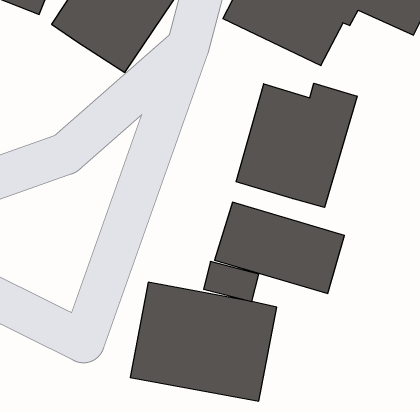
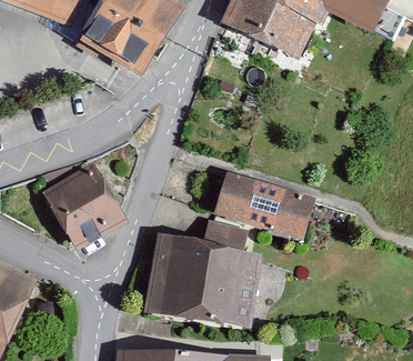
building: [236,83,357,207] -> none
building: none -> [48,174,131,261]

